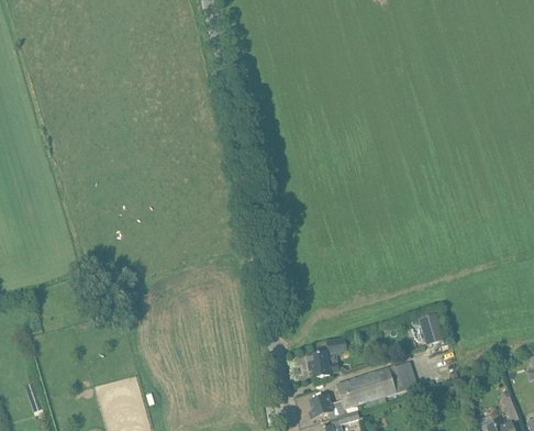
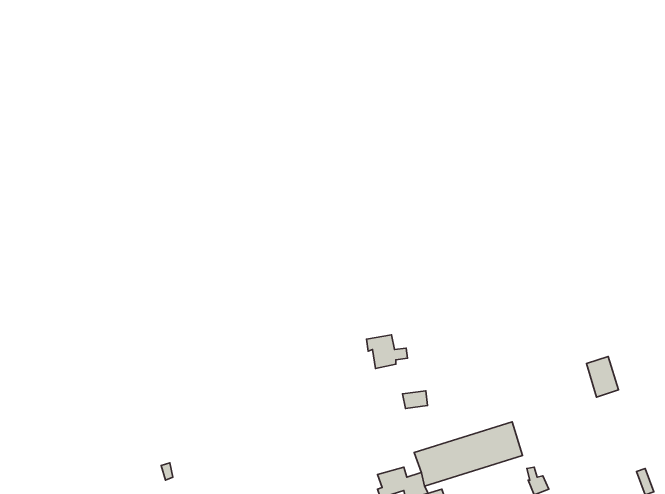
building: [419,313,443,344] -> [586,356,619,397]
building: [307,352,337,377] -> [367,335,408,369]

